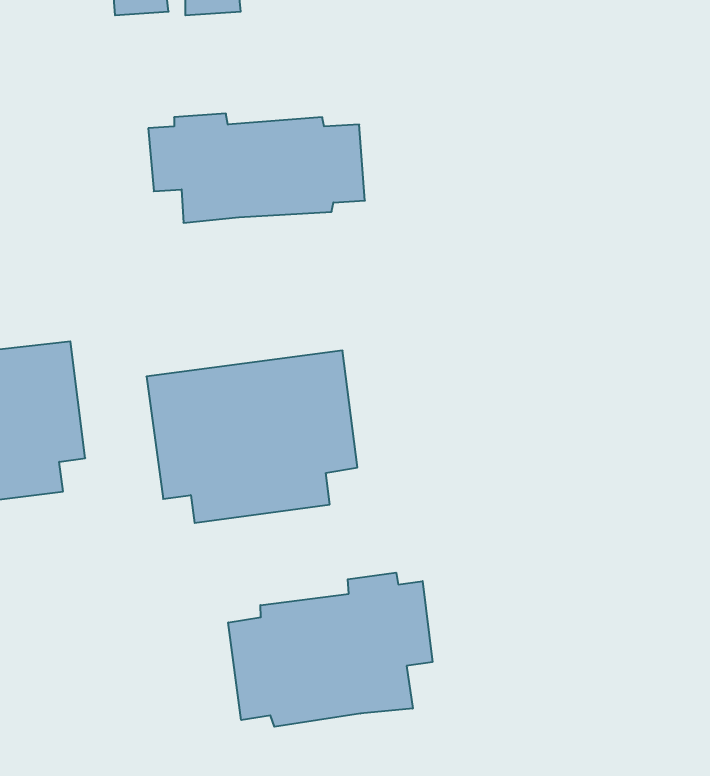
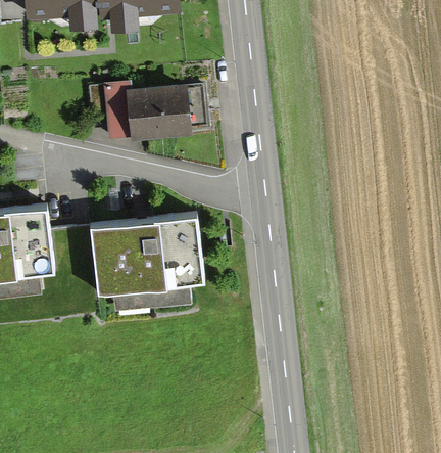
building: [228,573,432,727] -> none

